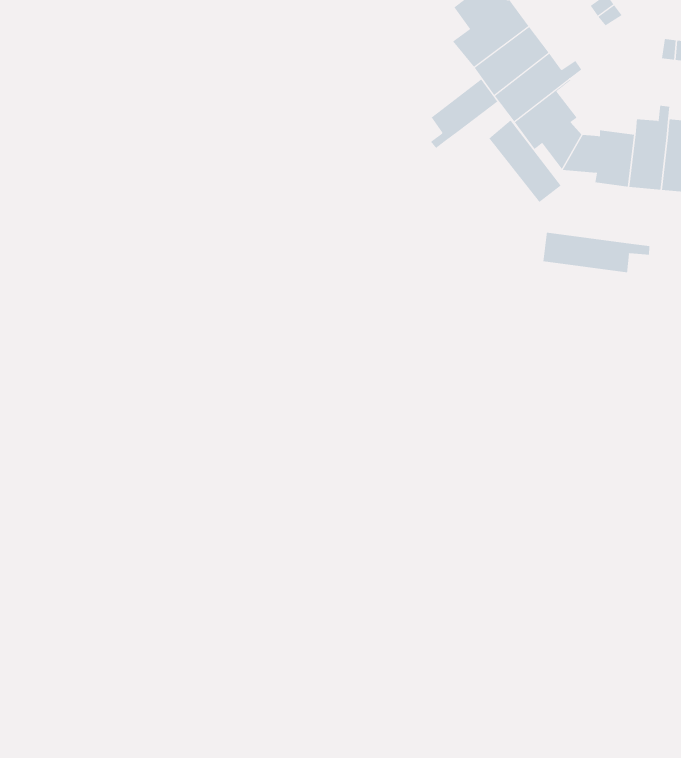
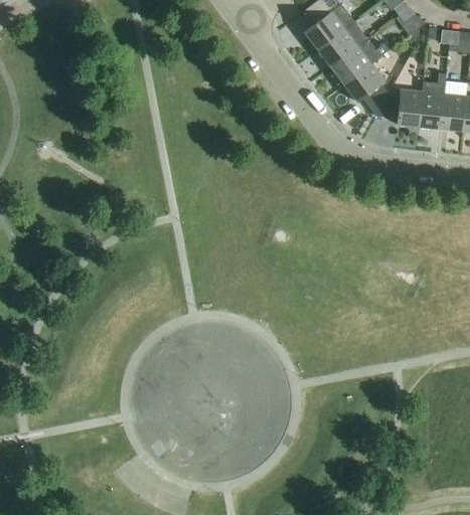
building: [430,78,498,149] -> none
building: [488,119,562,203] -> none
building: [543,232,650,273] -> none

